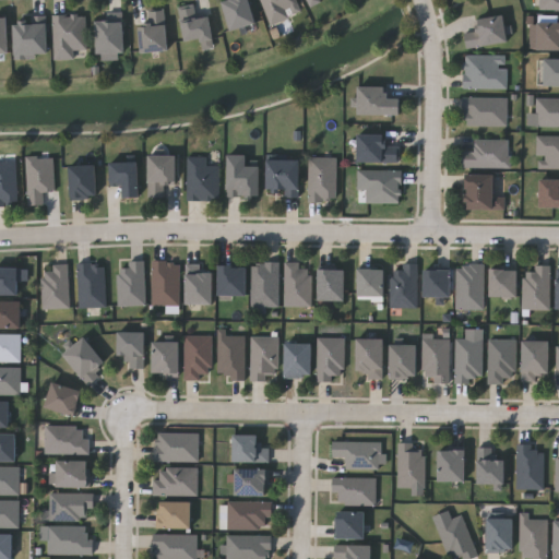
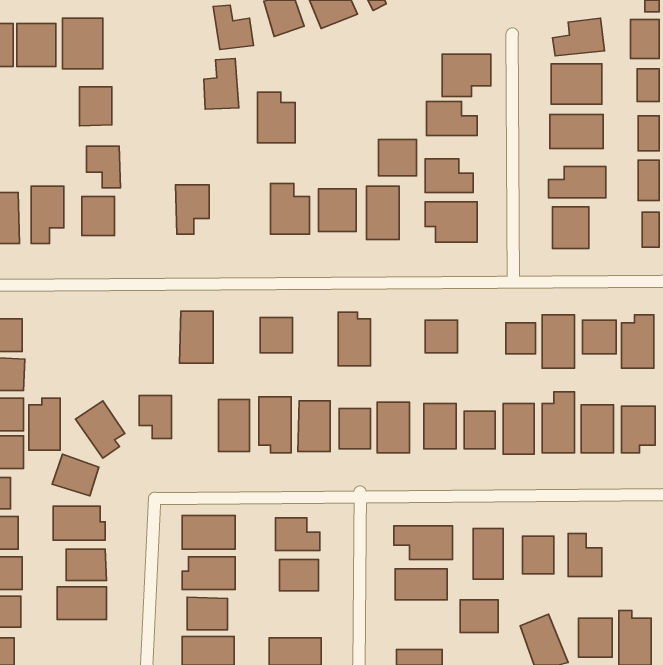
building: [139,9,168,51] -> [204,58,239,109]
building: [96,21,123,53] -> [79,87,112,126]
building: none -> [442,54,491,97]
building: none -> [379,140,416,176]
building: [187,156,218,199] -> [257,92,295,143]
building: [110,162,139,197] -> [87,146,120,188]
building: [117,260,144,305] -> none
building: [78,263,105,307] -> none
building: [251,263,278,307] -> none
building: [41,264,68,308] -> [29,398,60,450]
building: [186,264,213,305] -> none
building: [390,264,416,307] -> none
building: [318,269,344,300] -> none
building: [153,342,179,374] -> none
building: [516,445,543,488] -> none
building: [227,501,270,528] -> none
building: [334,511,366,538] -> [460,600,498,633]
building: [41,526,90,554] -> none

